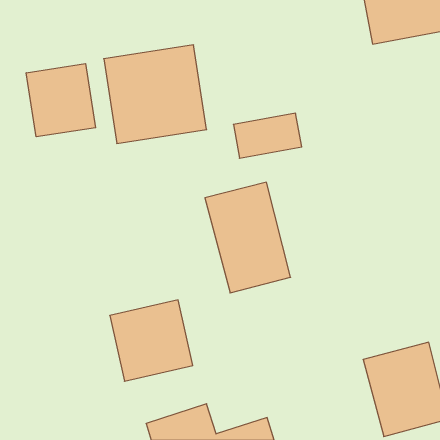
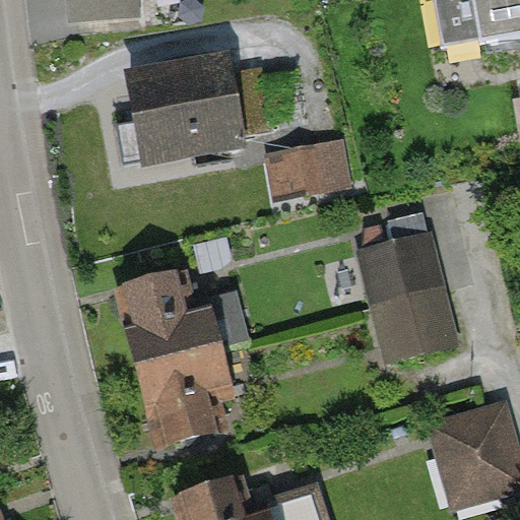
building: [26,64,96,137] -> none
building: [205,182,291,293] -> [360,236,460,366]
building: none -> [113,275,211,371]

